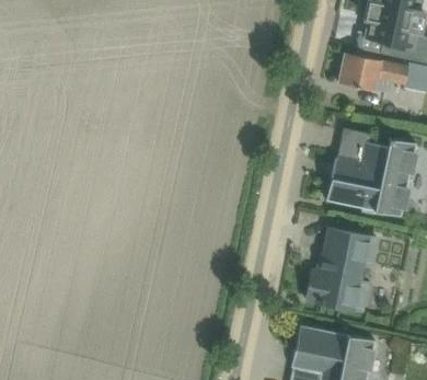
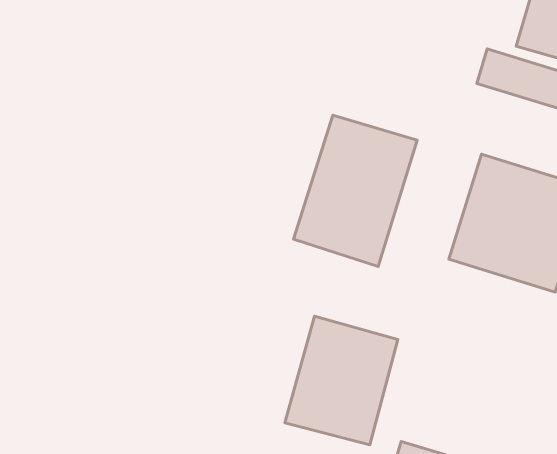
building: none -> [294,115,417,266]
building: [309,227,382,312] -> [285,316,398,445]

